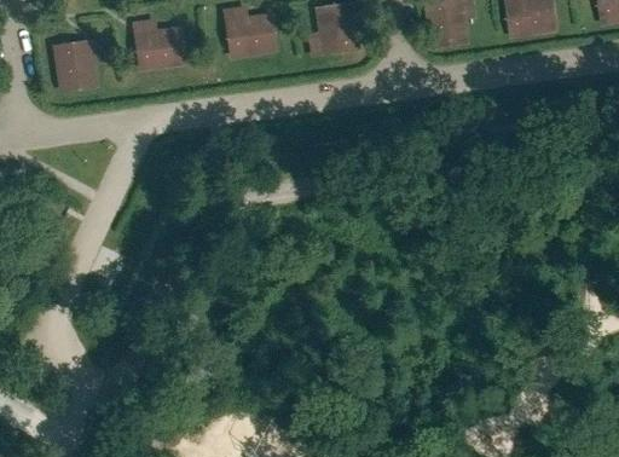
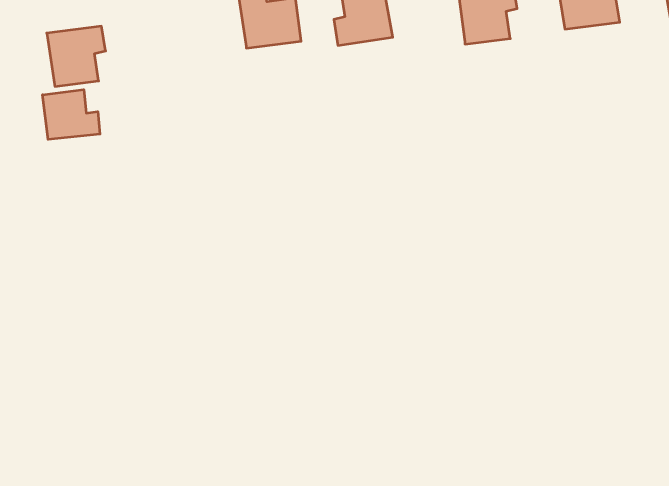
building: [133,19,189,71] -> none
building: none -> [43,90,100,139]

